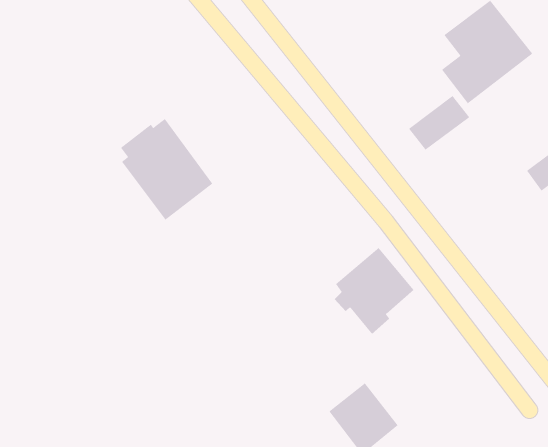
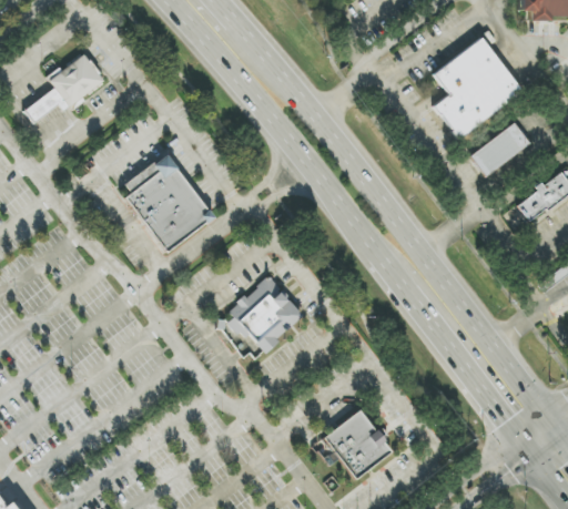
building: none -> [26,53,104,121]
building: [408,95,470,151] -> [471,122,531,175]
building: [334,247,414,335] -> [226,272,304,356]

